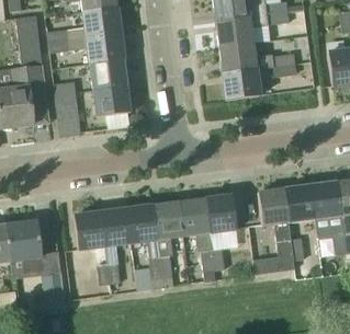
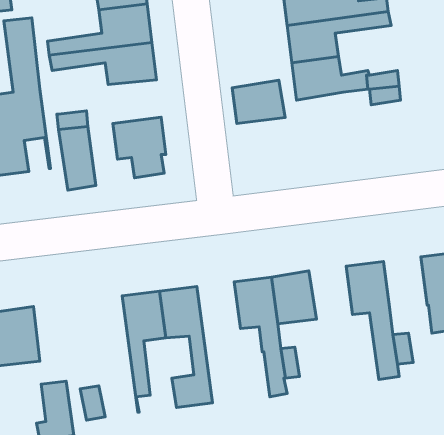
building: [90,59,127,90] -> none
building: [223,68,260,99] -> [232,80,285,124]
building: [284,184,315,221] -> none
building: [153,201,183,287] -> none
building: [74,211,111,295] -> none

